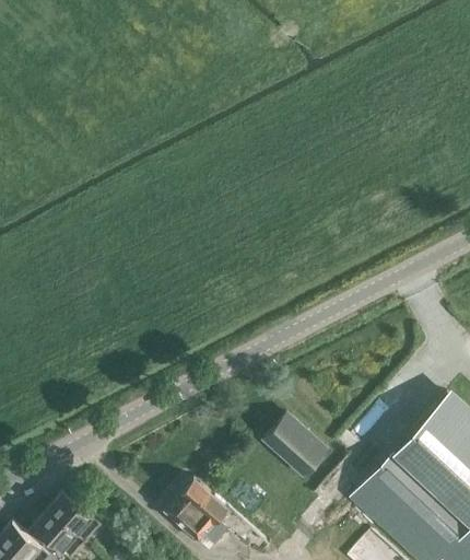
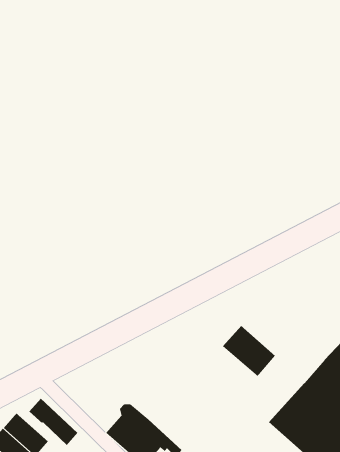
building: [266,416,327,475] -> [222,325,276,377]
building: none -> [29,398,78,446]

